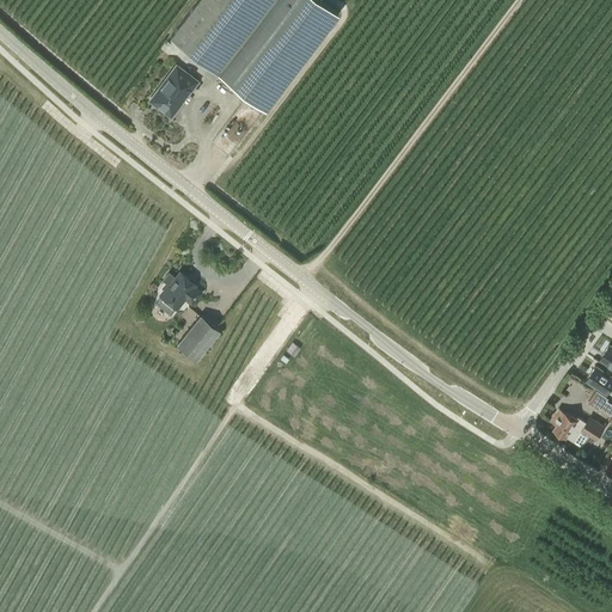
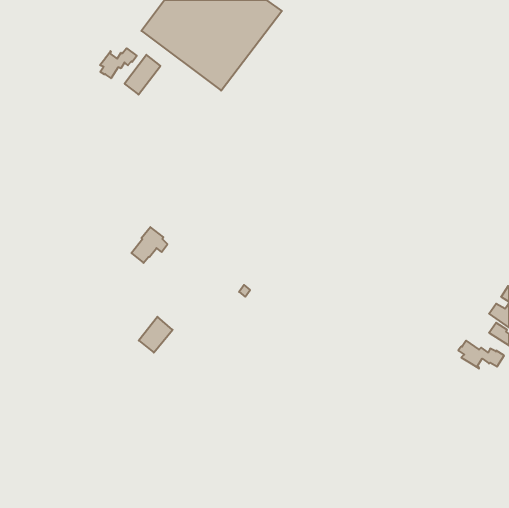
building: none -> [100,48,137,78]
building: [178,317,219,360] -> [139,317,173,353]

